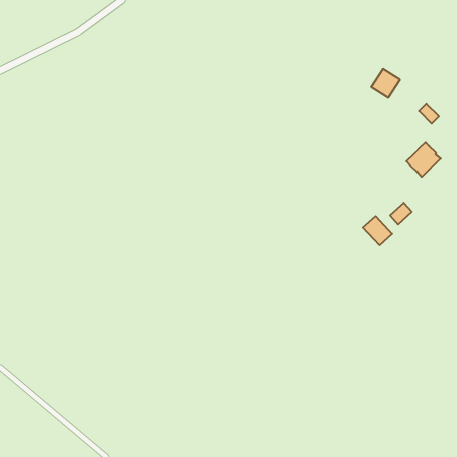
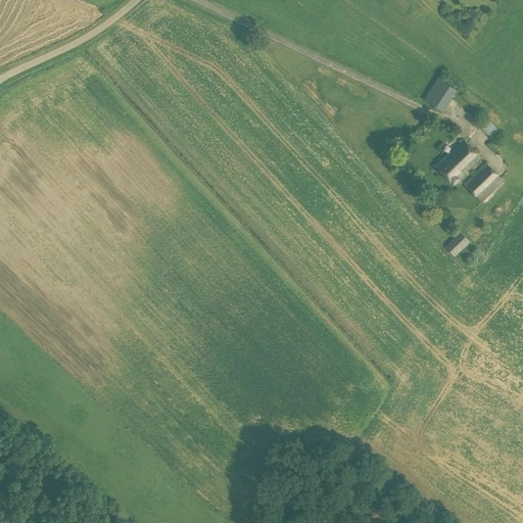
building: none -> [435,141,481,186]
building: [363,216,392,245] -> none

